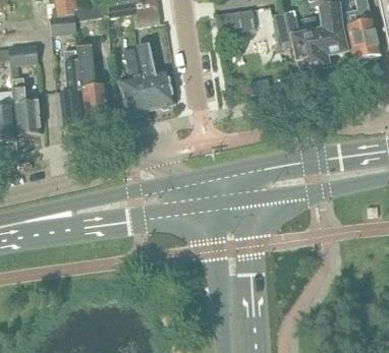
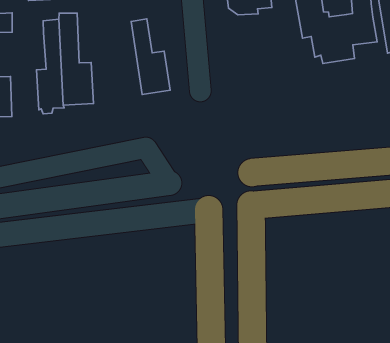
building: [120,47,151,113] -> none

